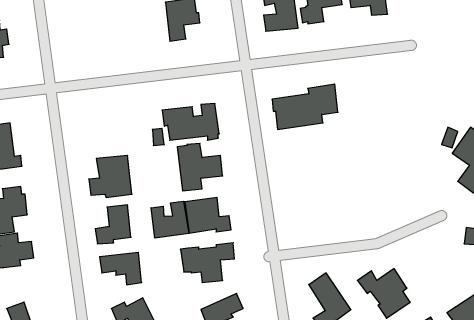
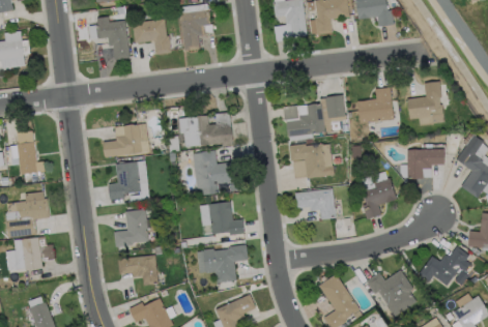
building: none -> [88,18,130,60]
building: none -> [133,20,171,56]
building: none -> [407,82,447,125]
building: none -> [356,87,394,129]
building: none -> [102,123,148,157]
building: none -> [288,143,334,178]
building: none -> [407,149,444,179]
building: none -> [361,178,397,219]
building: none -> [294,187,335,219]
building: [151,201,189,238] -> none
building: none -> [418,246,469,286]

